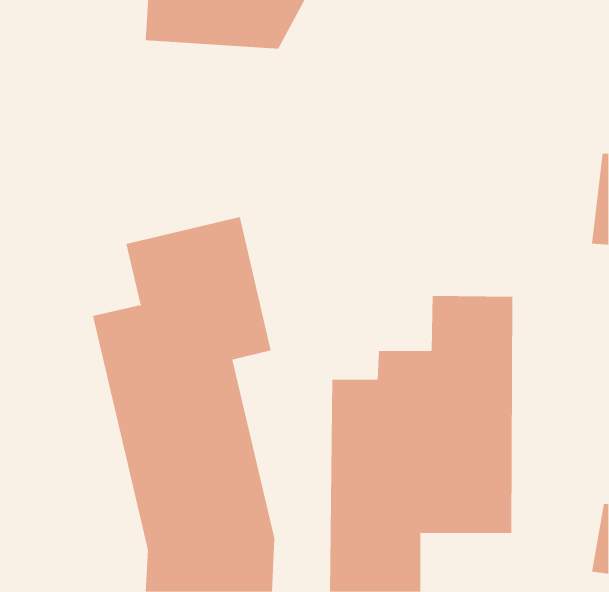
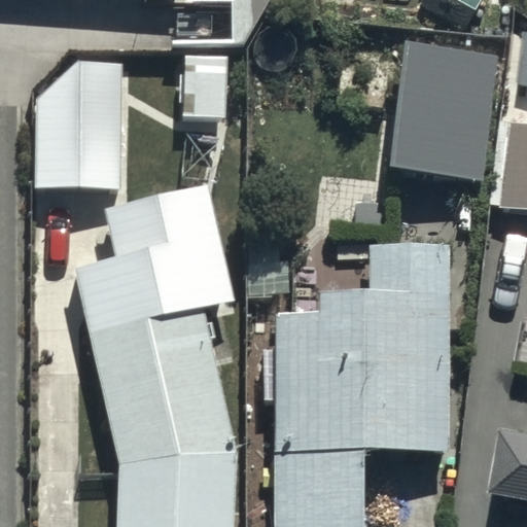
building: none -> [392,48,492,177]
building: none -> [34,56,120,186]

